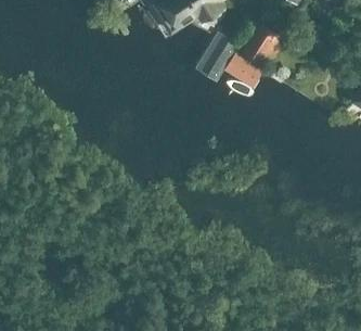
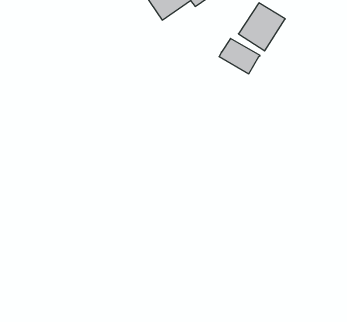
building: [193,31,238,82] -> none

